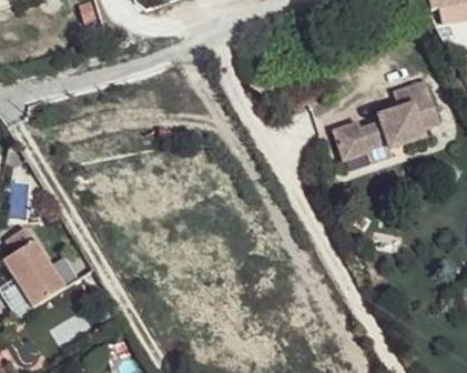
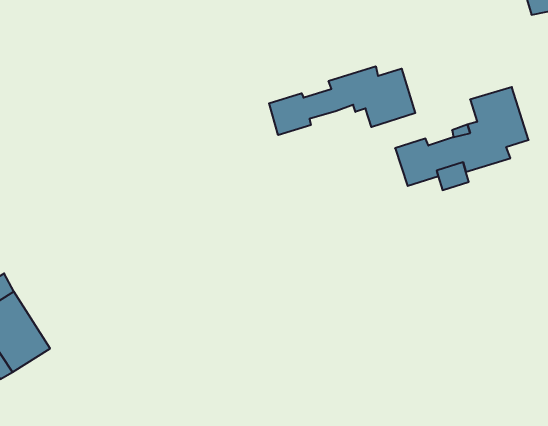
building: none -> [269,66,415,135]

